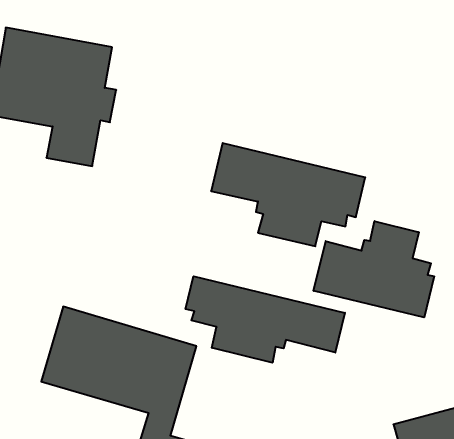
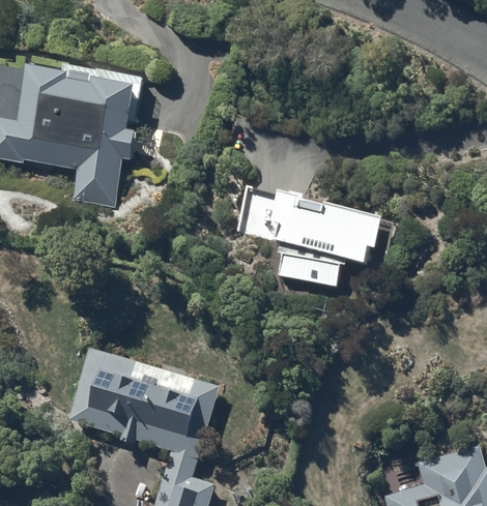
building: [314,221,434,317] -> none
building: [186,276,345,363] -> none

